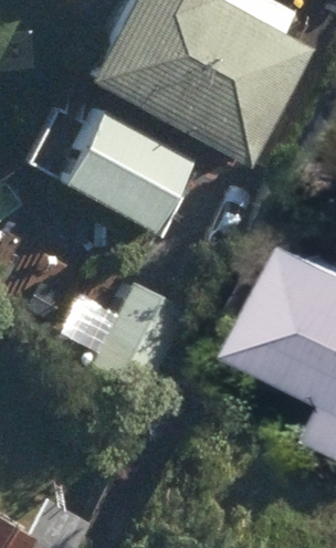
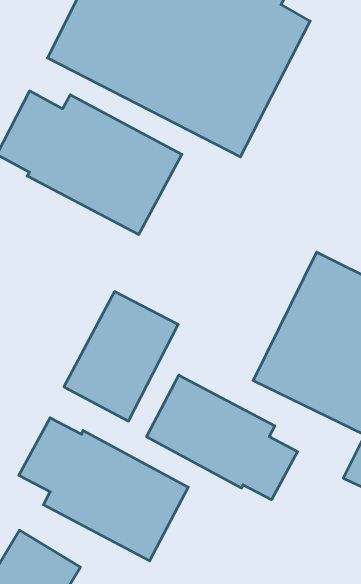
building: none -> [147,375,298,500]
building: none -> [19,418,188,561]

